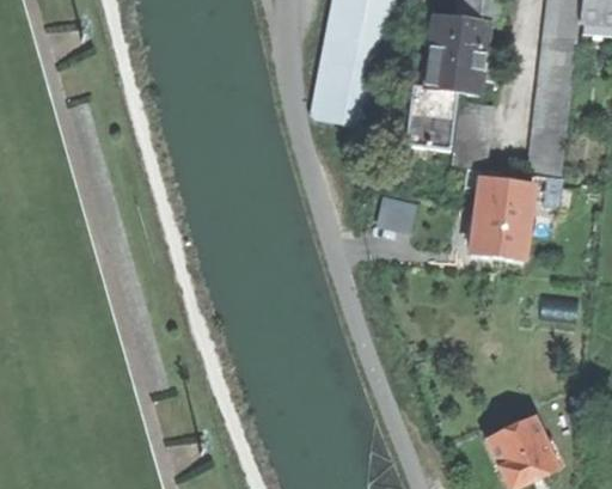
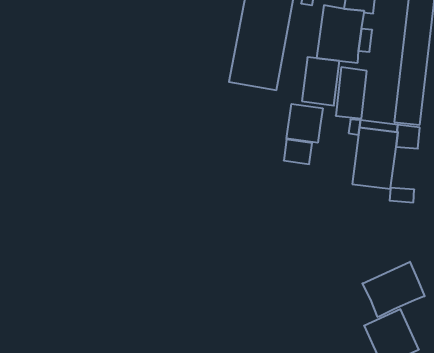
building: none -> [287,104,323,143]
building: none -> [362,262,425,317]

